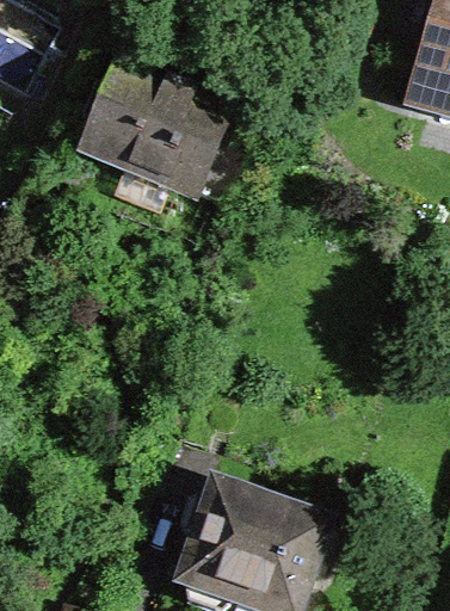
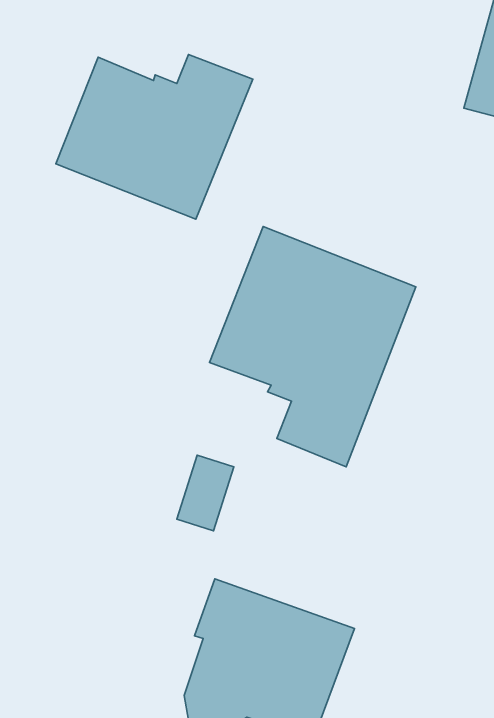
building: none -> [209,226,416,467]

